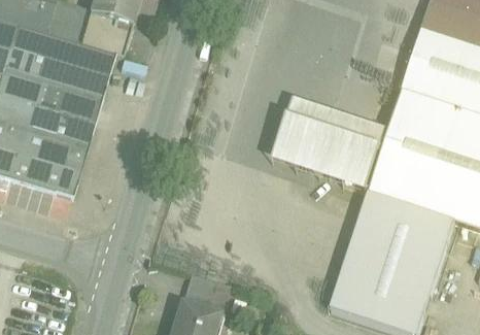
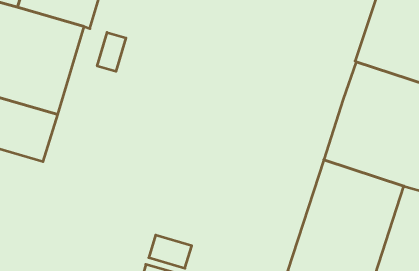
building: none -> [97,32,126,71]
building: [272,96,389,193] -> none

